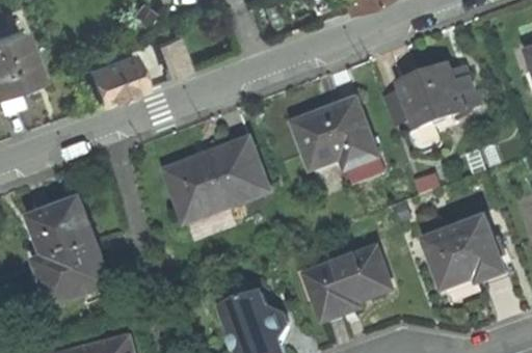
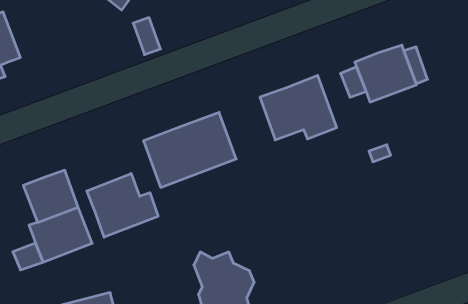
building: [86,52,141,102] -> none
building: none -> [87,173,158,237]
building: [430,220,507,288] -> none
building: [308,248,393,320] -> none

